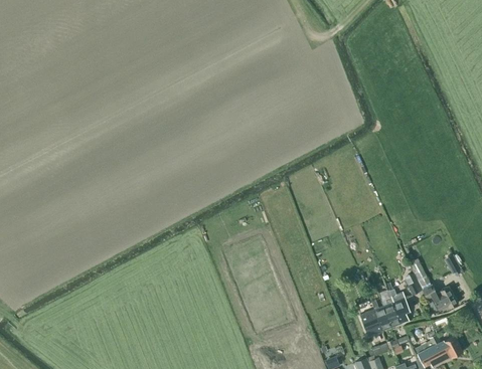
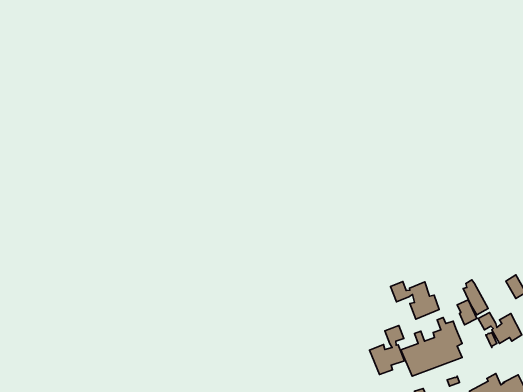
building: none -> [390,282,439,319]
building: none -> [369,325,404,374]

